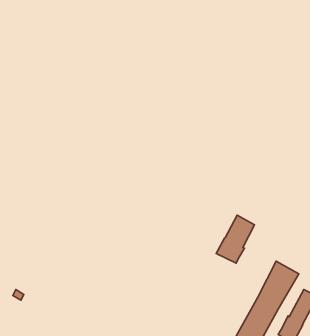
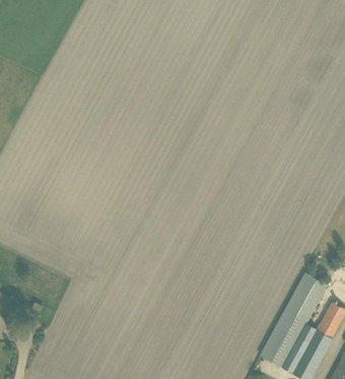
building: [216,215,255,263] -> none

